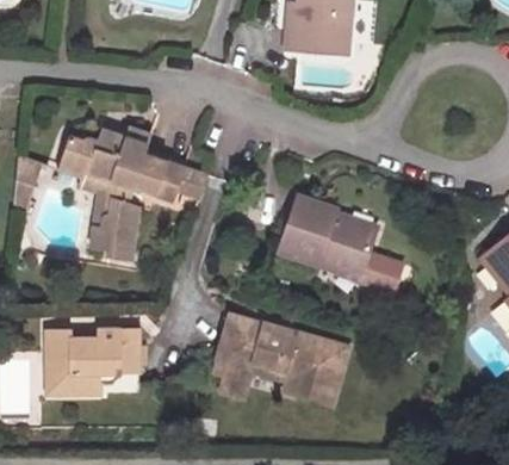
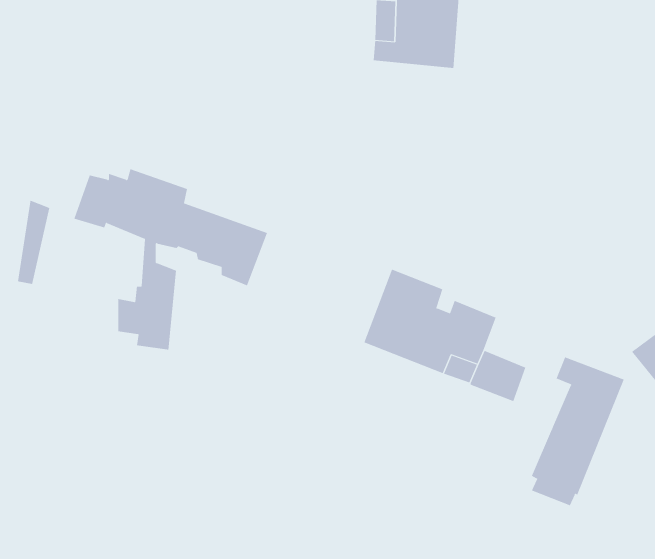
building: none -> [531,357,625,506]
building: [206,334,342,418] -> none
building: [45,337,134,405] -> none

